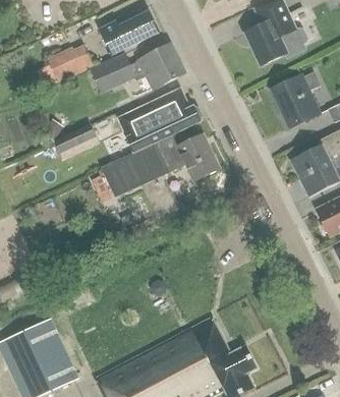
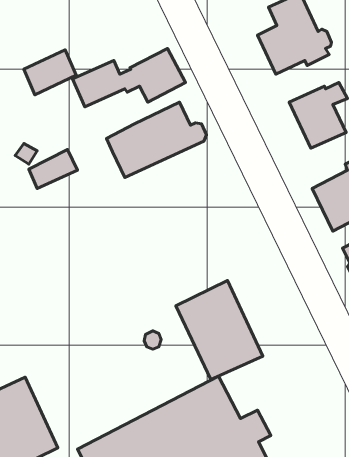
building: [99,10,158,54] -> none
building: [102,132,219,196] -> none
building: none -> [176,281,263,379]

